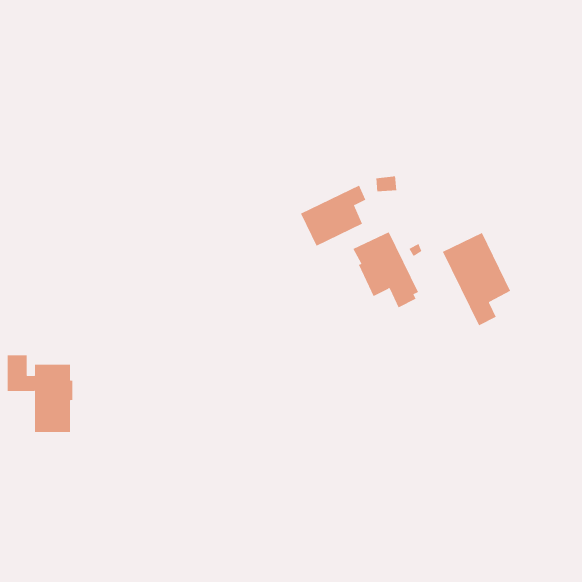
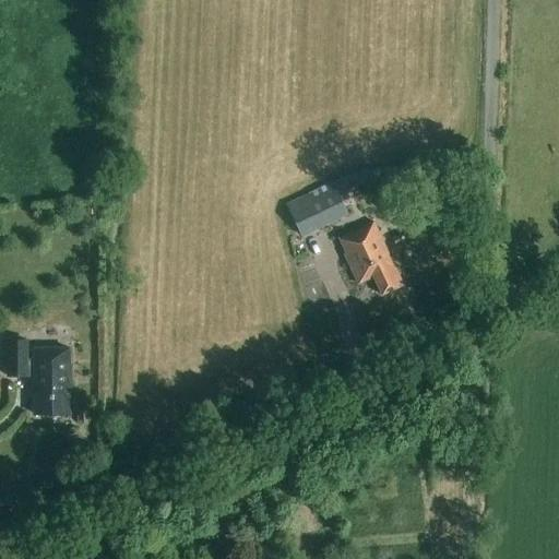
building: [442,232,511,326] -> none

